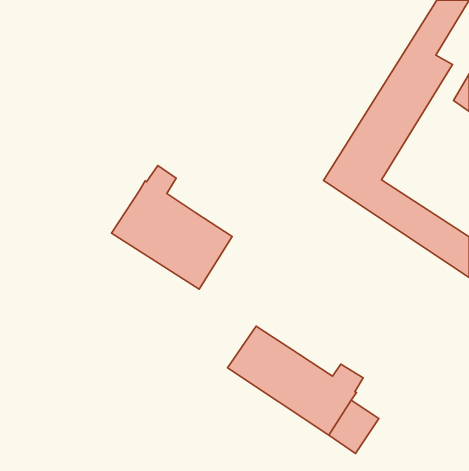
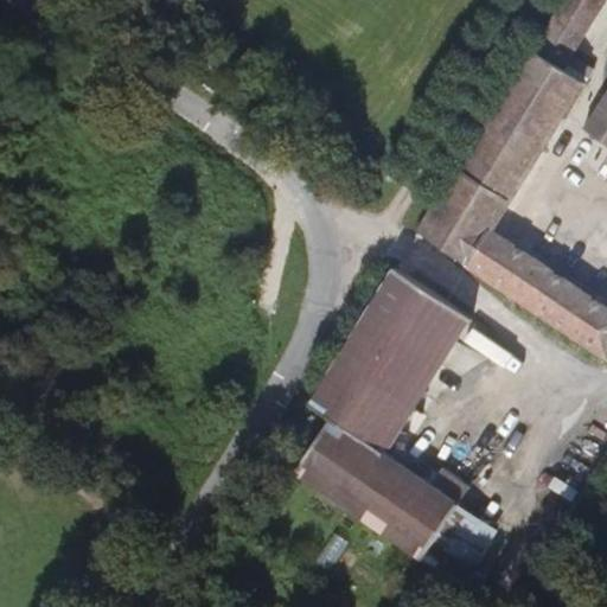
building: [111,165,232,289] -> none
building: none -> [308,268,472,455]

